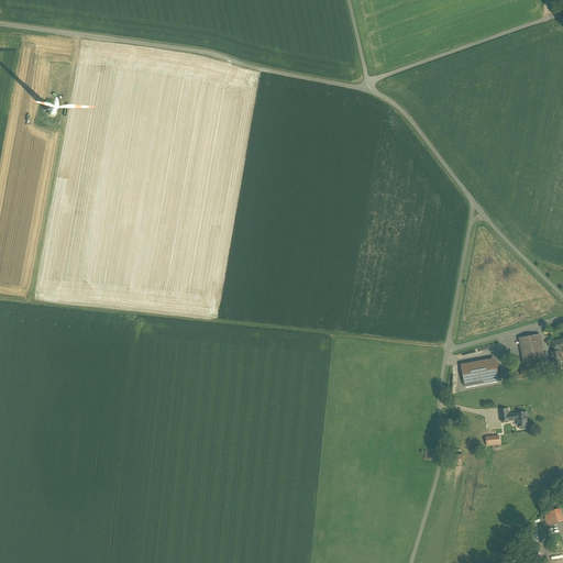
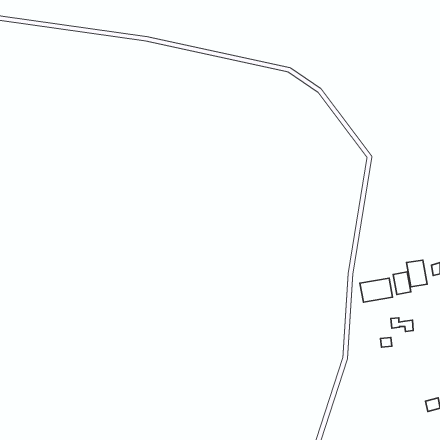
building: none -> [393,272,411,295]

